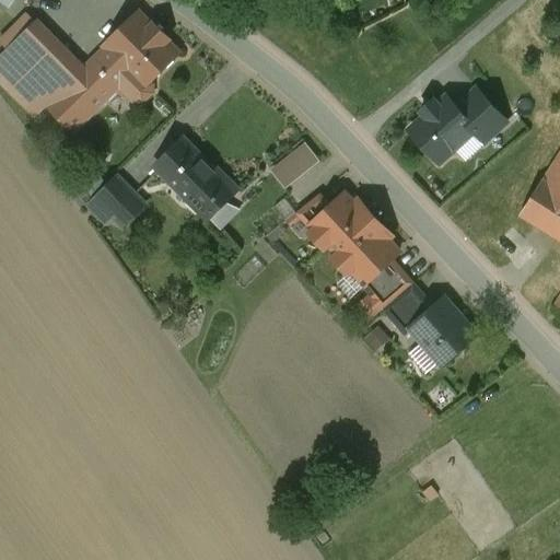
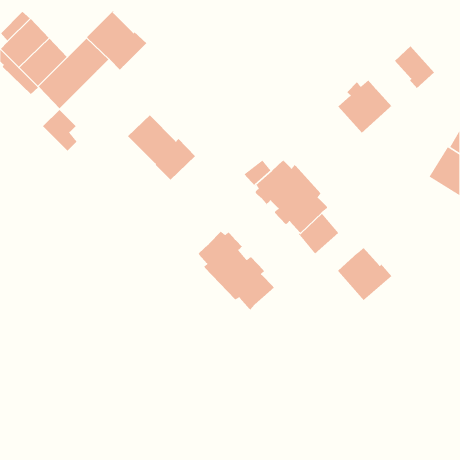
building: [118,72,152,103] -> none
building: [456,89,505,141] -> [394,46,435,89]
building: [276,139,326,183] -> none
building: [94,175,137,226] -> [42,109,77,151]
building: none -> [198,231,275,311]
building: [382,282,433,334] -> none

